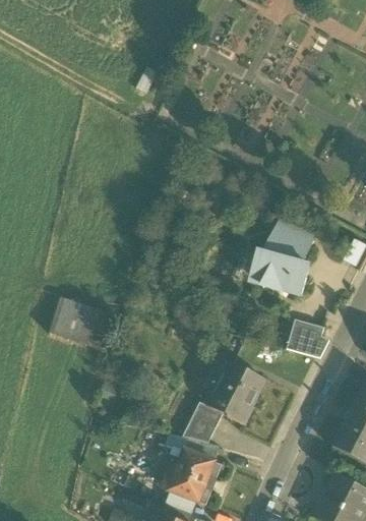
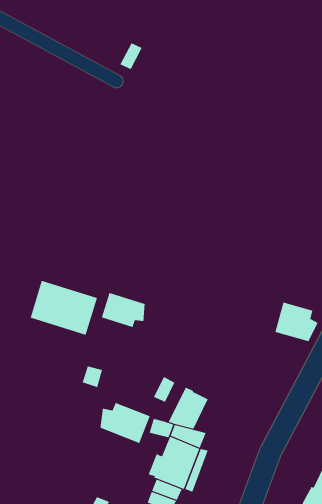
building: [249,223,314,292] -> none
building: none -> [101,292,145,328]
building: [208,360,265,422] -> none
building: none -> [100,402,150,444]

